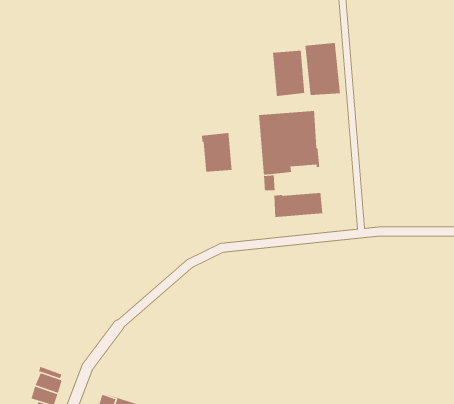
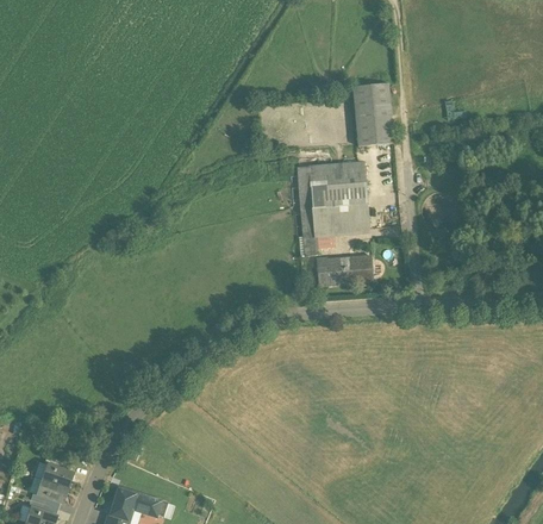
building: [272,50,305,97] -> none
building: [201,132,232,173] -> none

